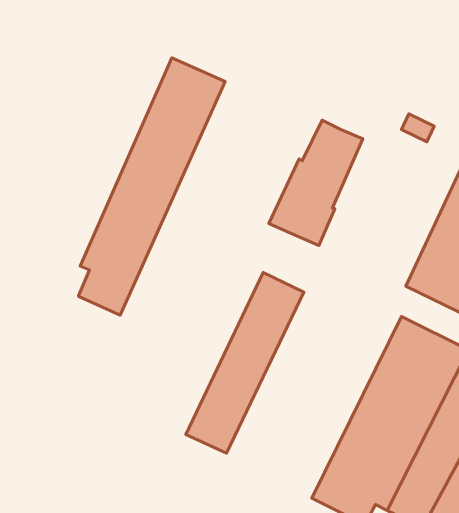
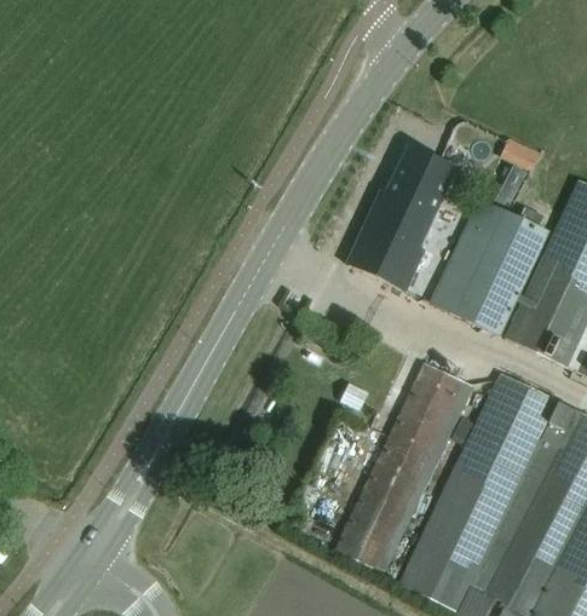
building: [78,58,225,315] -> none
building: none -> [431,197,549,334]
building: [186,272,304,453] -> [336,363,473,572]

